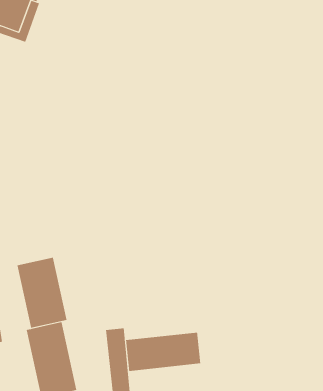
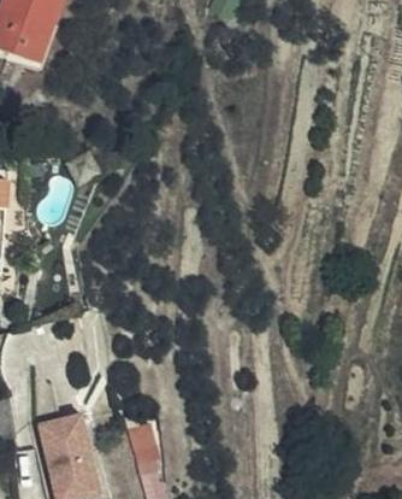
building: [17,257,67,329] -> none
building: [125,332,201,372] -> none

